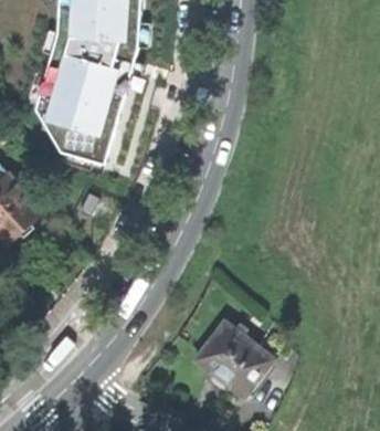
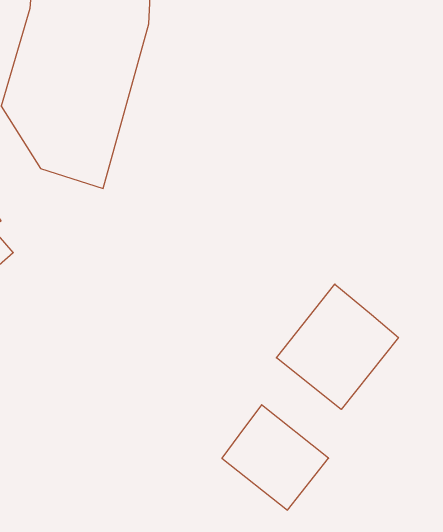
building: none -> [276,284,398,409]

